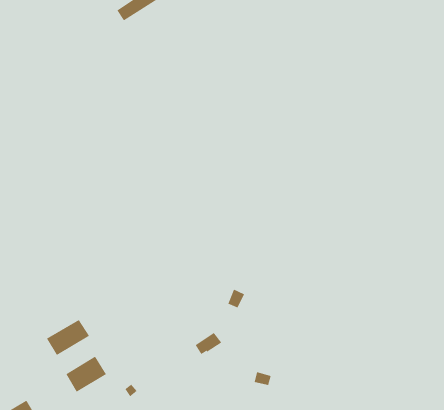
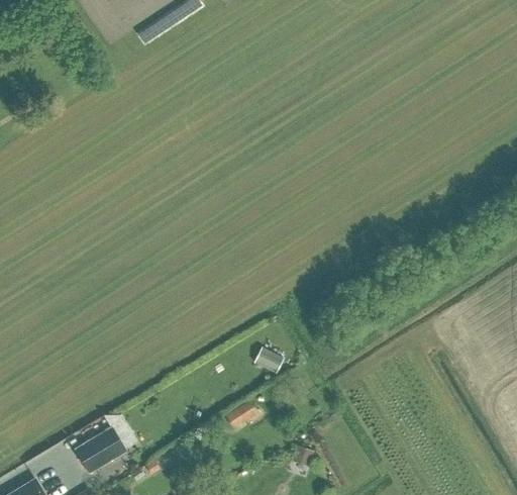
building: [46,319,90,356] -> none

